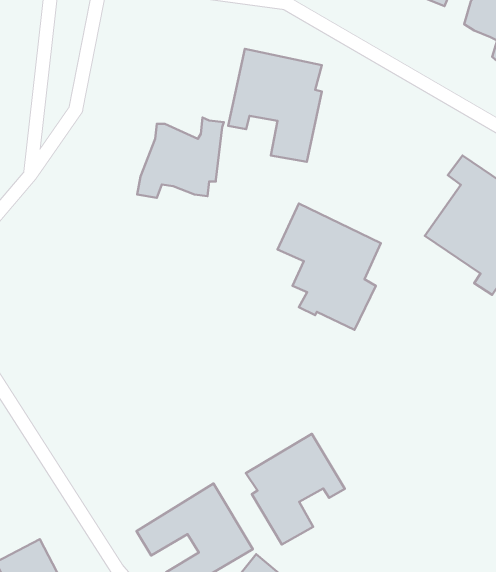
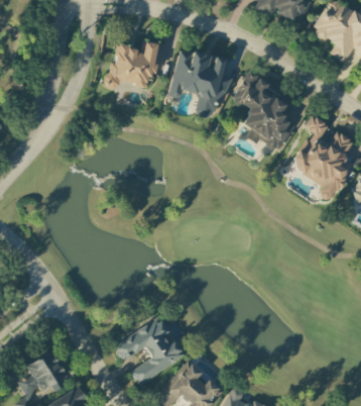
building: [137,117,224,198] -> [104,40,157,90]
building: [278,204,381,330] -> [233,75,296,153]
building: [246,434,345,545] -> none

